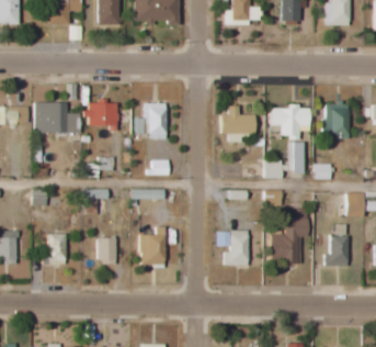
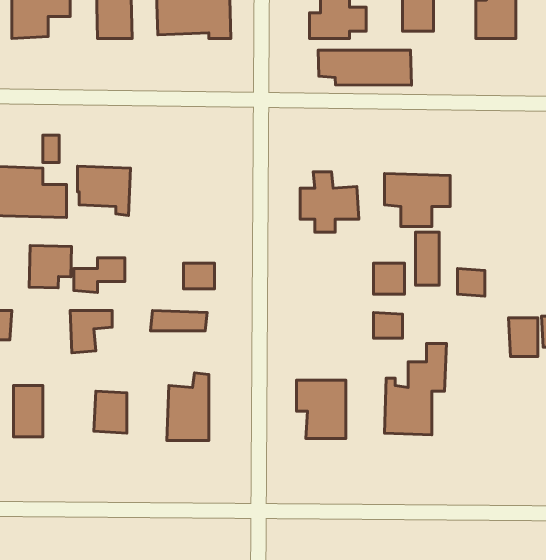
building: none -> [318,50,411,85]
building: [146,103,167,139] -> none
building: [326,103,350,138] -> none
building: none -> [29,246,72,288]
building: [326,235,350,266] -> none

